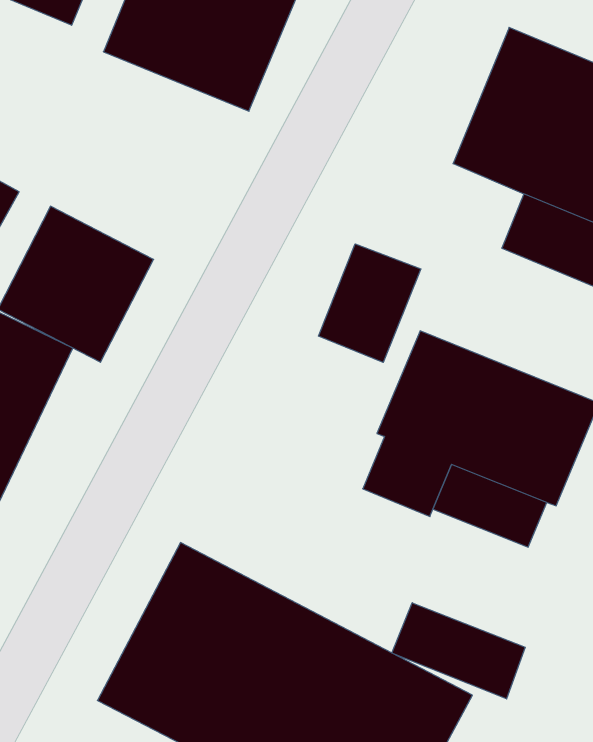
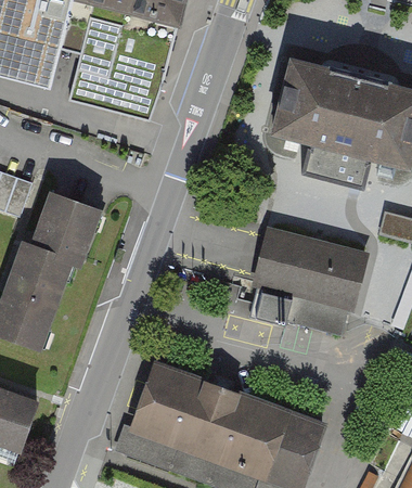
building: [319,244,421,362] -> none
building: [392,603,525,699] -> none

